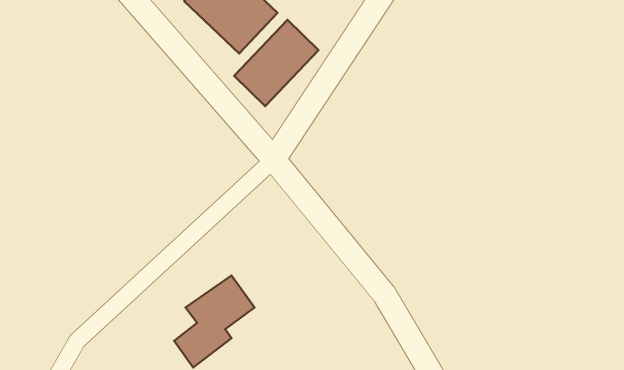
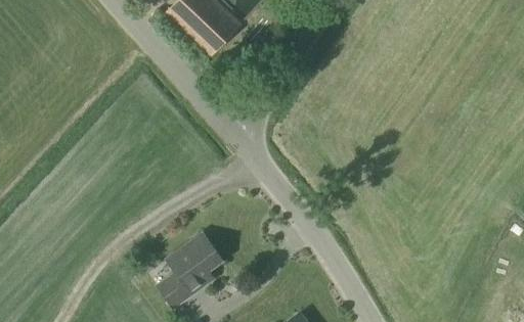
building: [234,20,318,106] -> none

